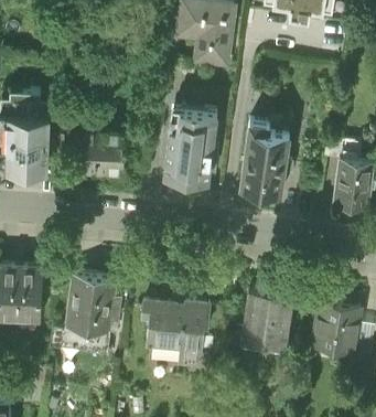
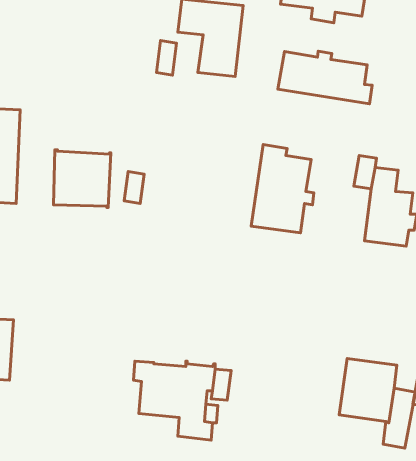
building: none -> [278,51,372,104]
building: [163,110,217,185] -> none
building: [50,277,120,354] -> none
building: [241,291,292,350] -> none

